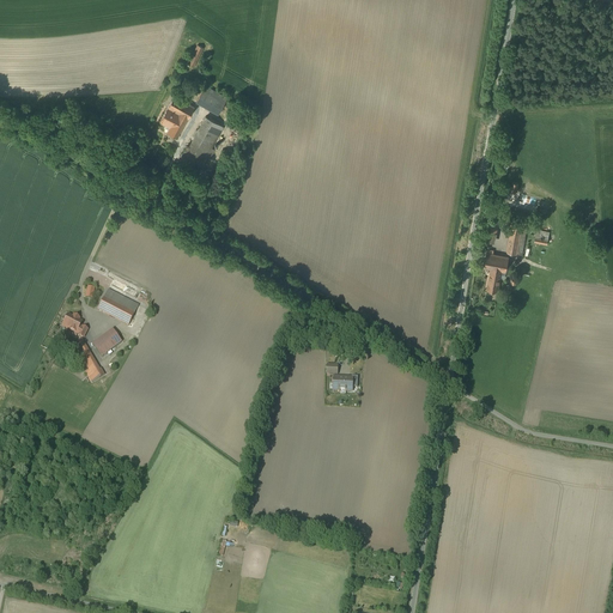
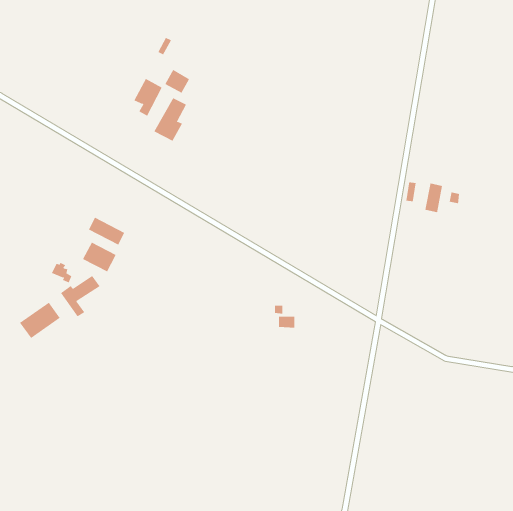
building: [484,250,510,290] -> none
building: none -> [88,217,125,245]
building: none -> [19,302,60,339]

